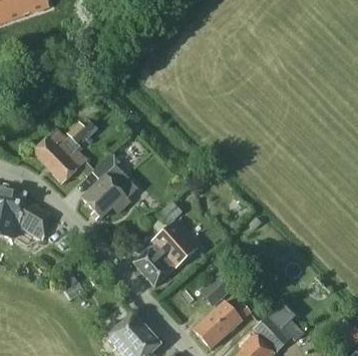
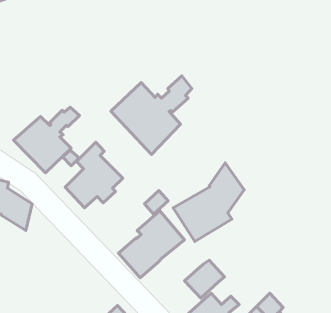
building: none -> [111,76,192,154]
building: none -> [173,163,244,241]

